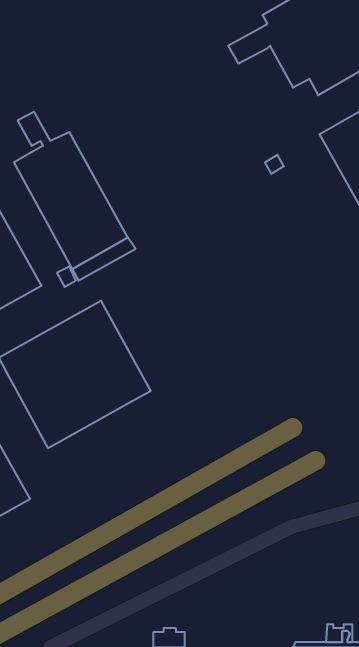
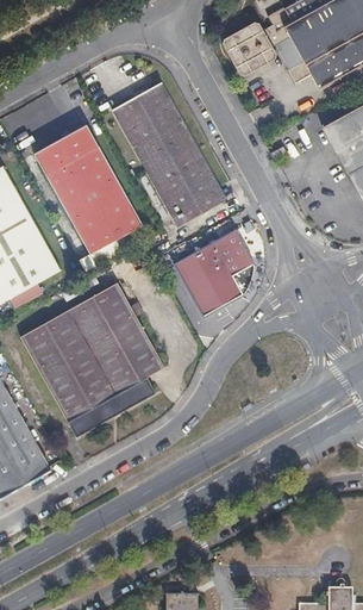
building: none -> [223,20,276,73]
building: none -> [112,81,226,225]
building: none -> [175,229,254,315]
building: none -> [67,376,156,440]

